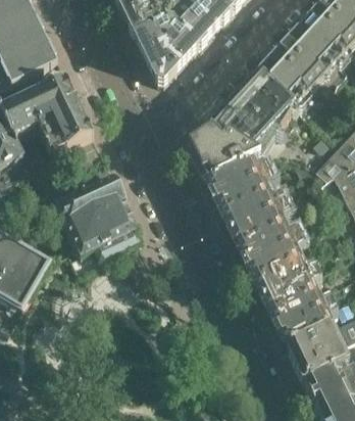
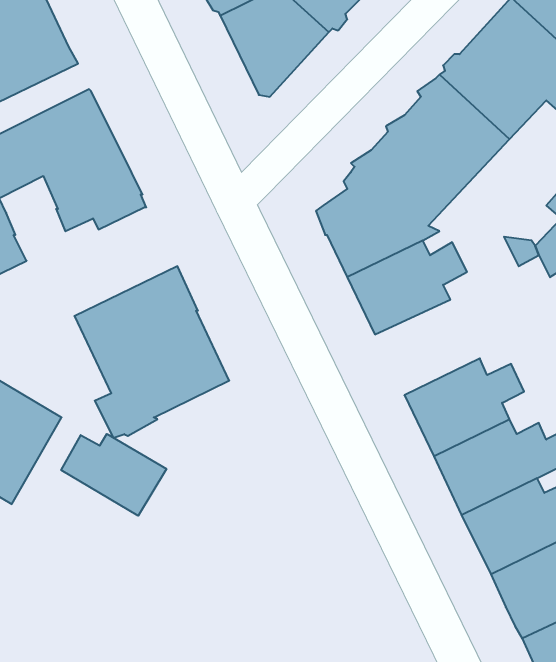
building: [222,191,294,244] -> none
building: none -> [61,434,166,516]

